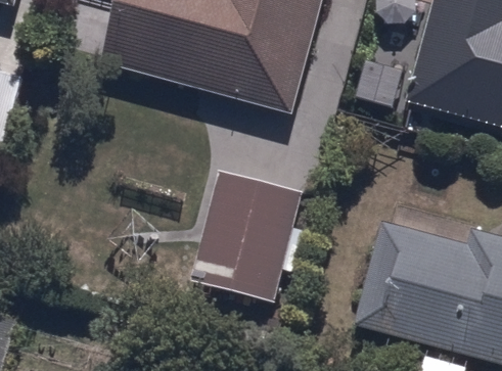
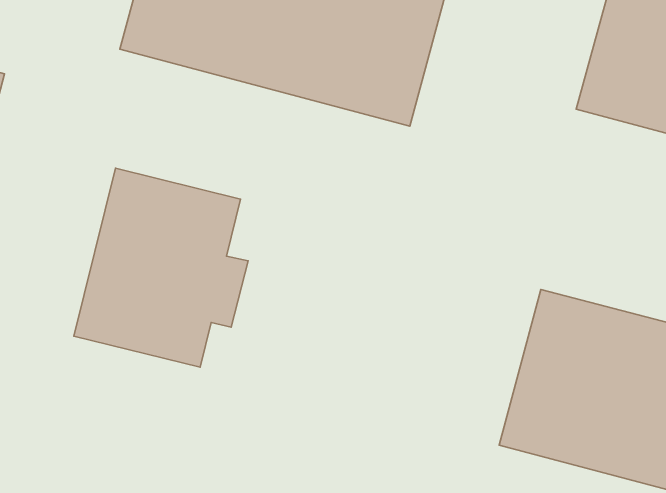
building: [190,171,306,303] -> [74,168,248,367]

